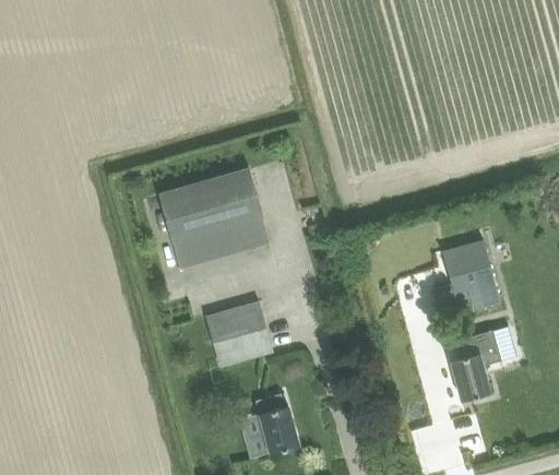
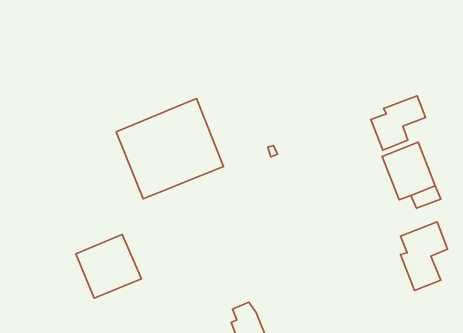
building: none -> [371,96,426,150]
building: [205,300,273,366] -> [76,234,141,298]

